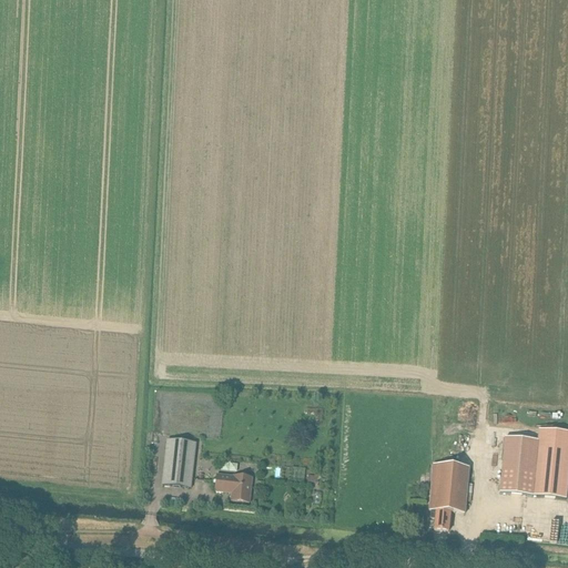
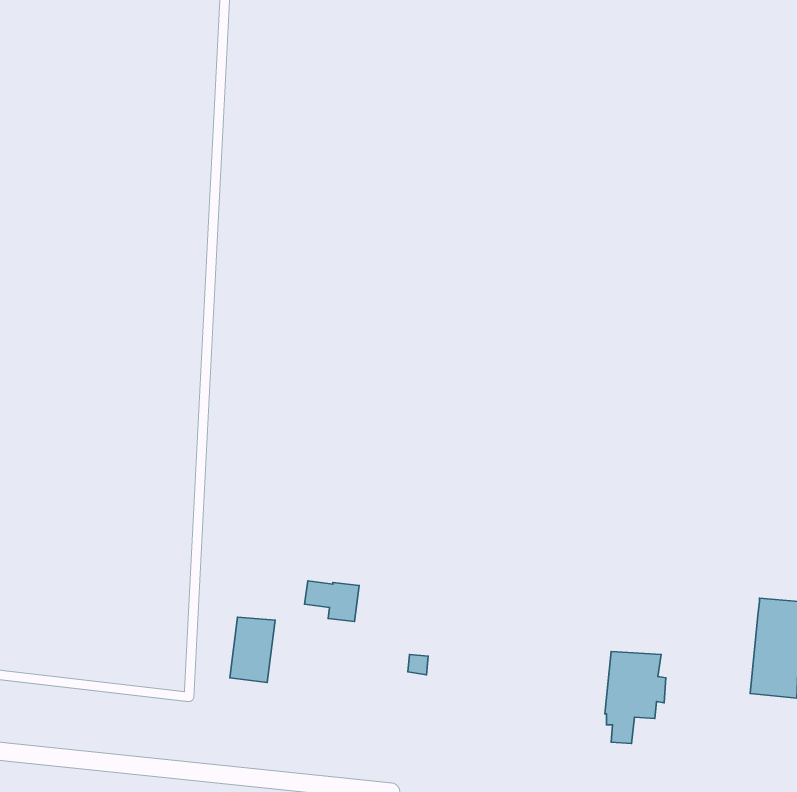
building: [501,434,539,493] -> none
building: [215,471,254,500] -> [305,581,359,622]

